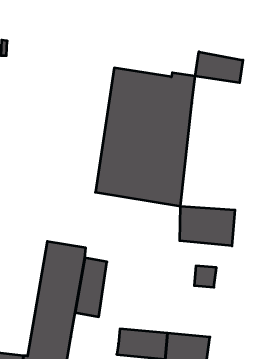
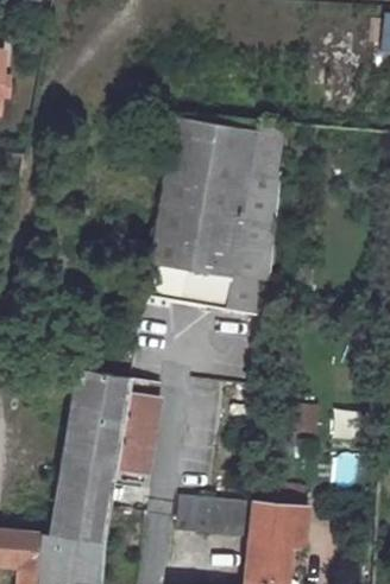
building: [195,52,243,83] -> none
building: [180,206,235,246] -> none

